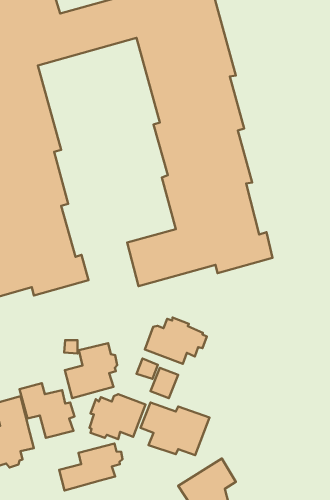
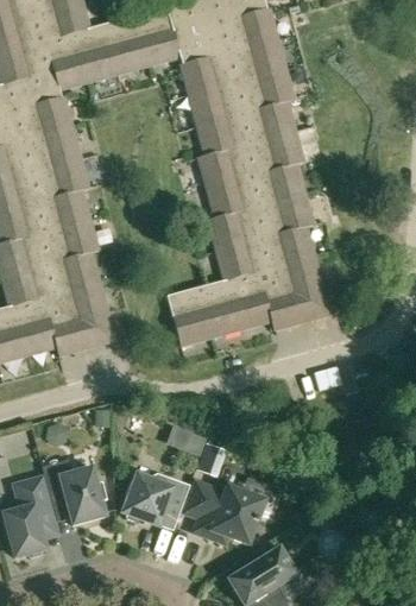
building: [145,317,207,364] -> none
building: [65,343,117,398] -> none
building: [59,444,123,490] -> none

